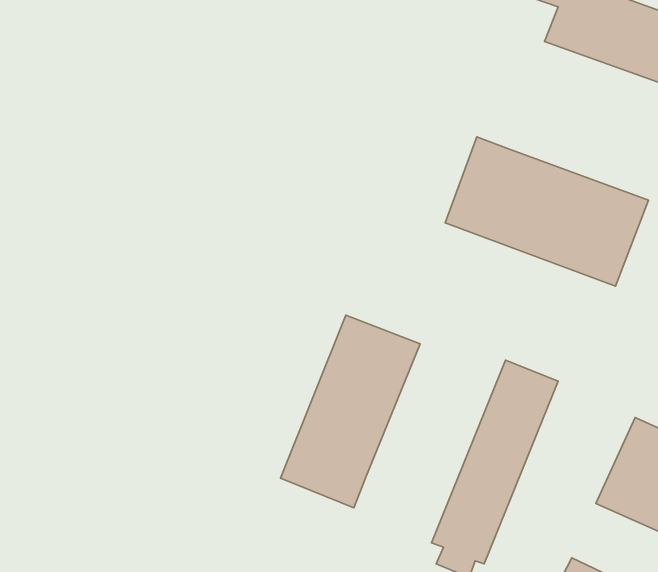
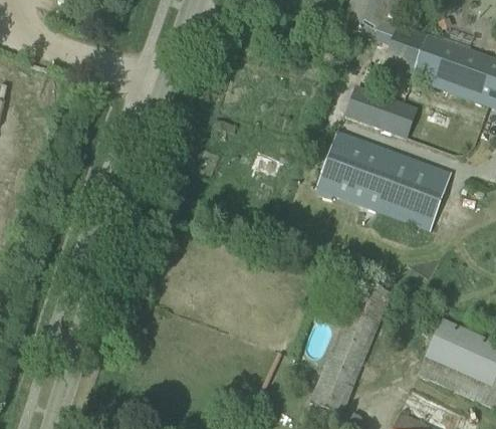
building: none -> [345,85,418,138]
building: [281,315,420,508] -> none

